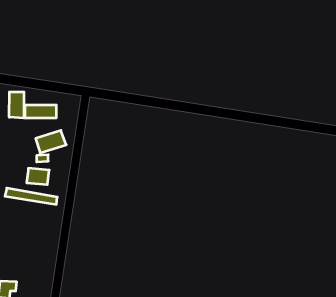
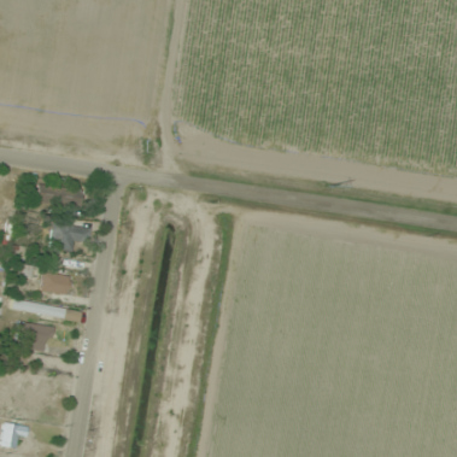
building: [9,92,24,118] -> none
building: none -> [20,324,51,347]

